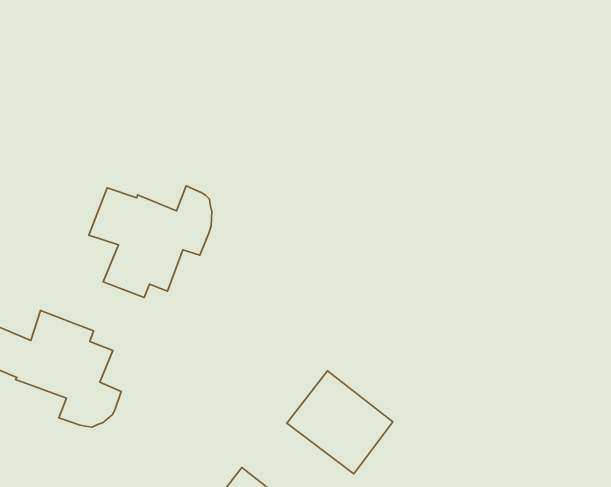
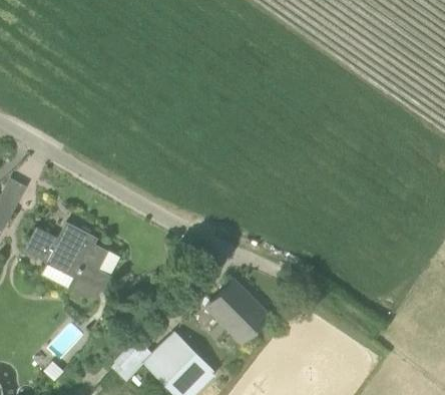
building: [89,186,212,298] -> none

